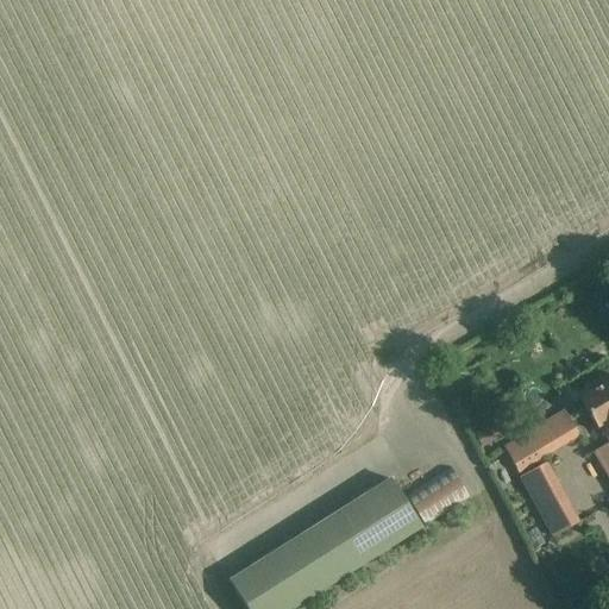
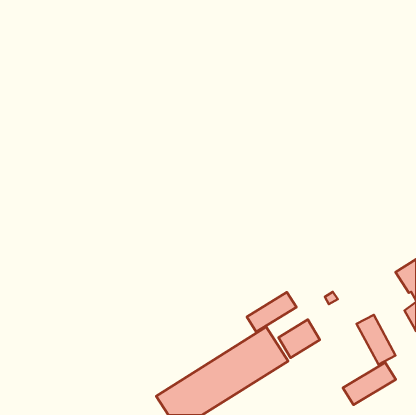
building: [503,407,580,469] -> [343,362,396,405]
building: none -> [247,292,296,332]

